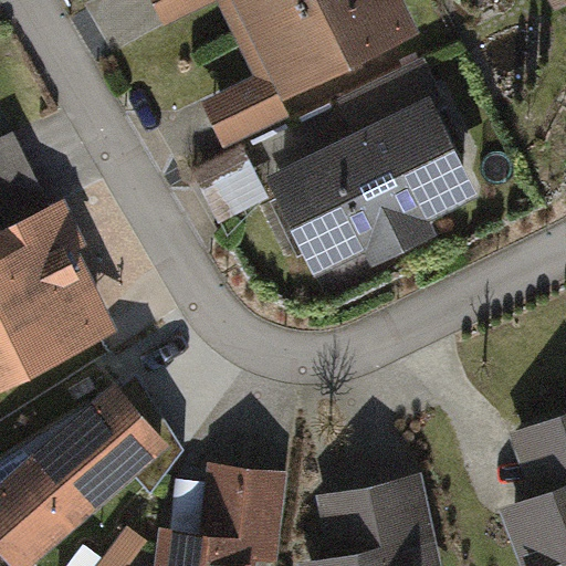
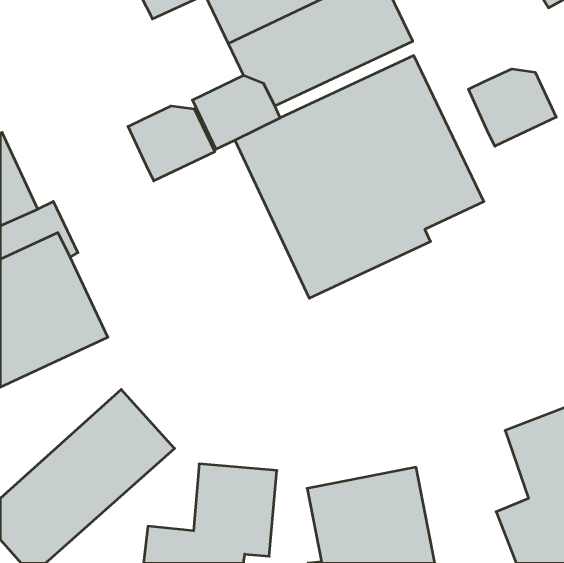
building: none -> [468,69,556,146]
building: none -> [128,106,215,181]

